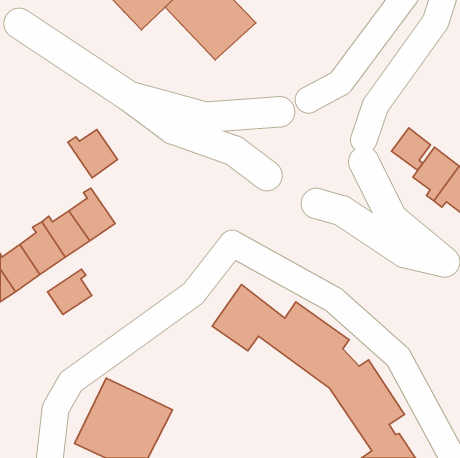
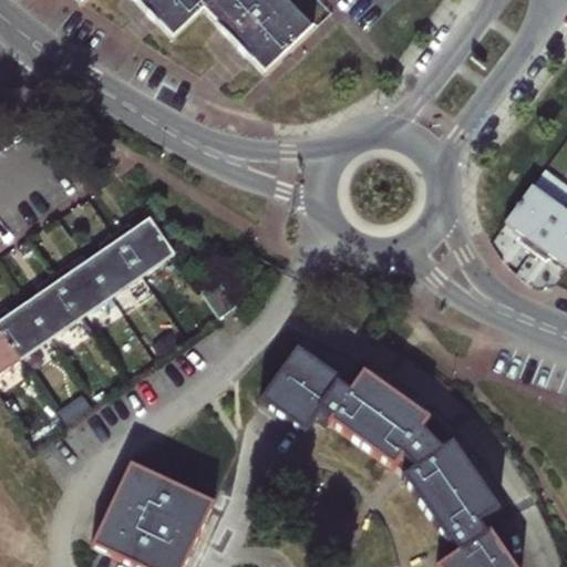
building: [392,128,430,170] -> none
building: [68,130,118,178] -> [115,214,176,272]
building: [47,269,92,315] -> none

